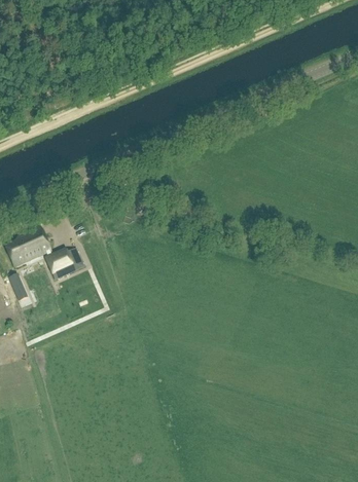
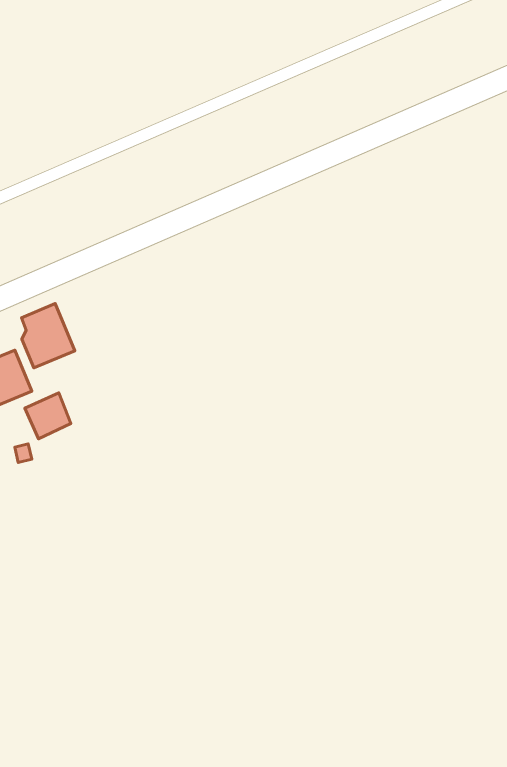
building: none -> [21,303,75,368]

